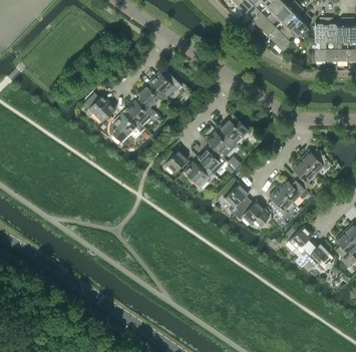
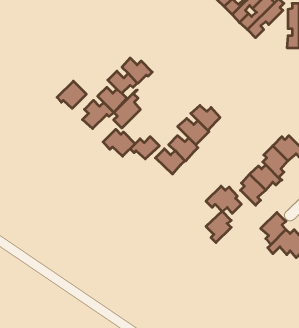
building: none -> [114,90,140,128]
building: none -> [103,129,135,156]
building: [224,184,249,215] -> [206,211,231,243]

